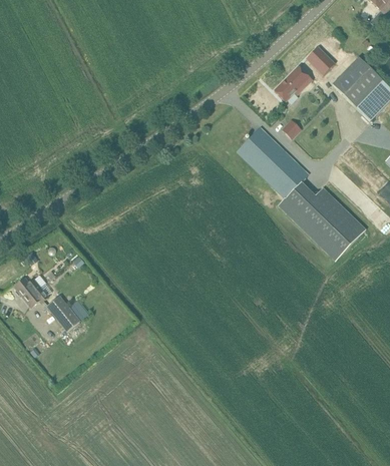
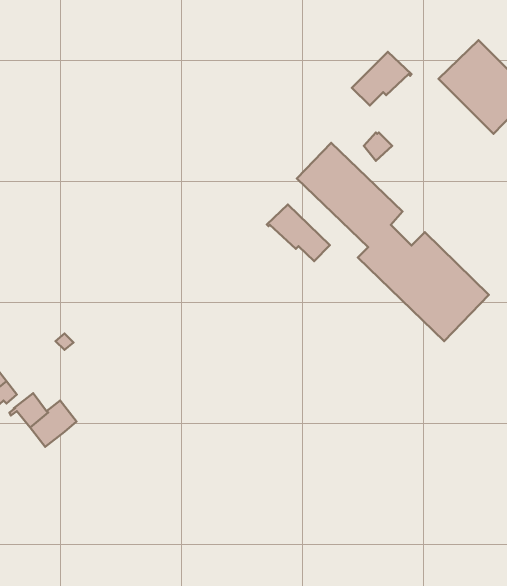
building: [306,47,335,75] -> none
building: none -> [267,205,330,261]

